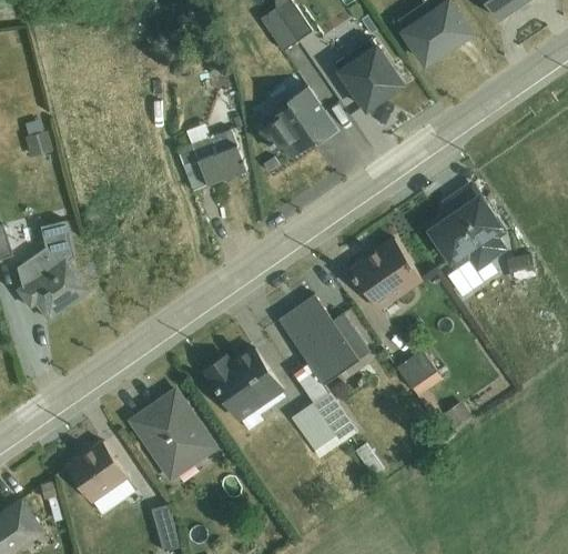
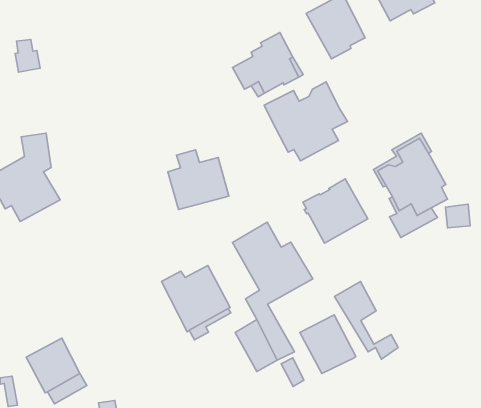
building: [178,123,246,190] -> [168,150,229,210]
building: none -> [264,82,348,161]
building: none -> [300,315,356,373]
building: [132,391,216,480] -> none

